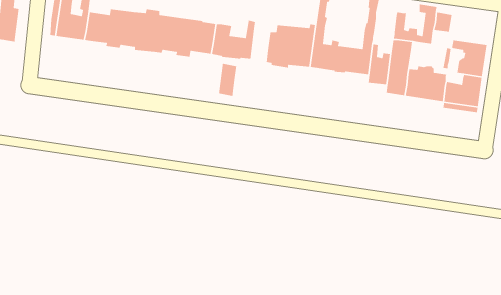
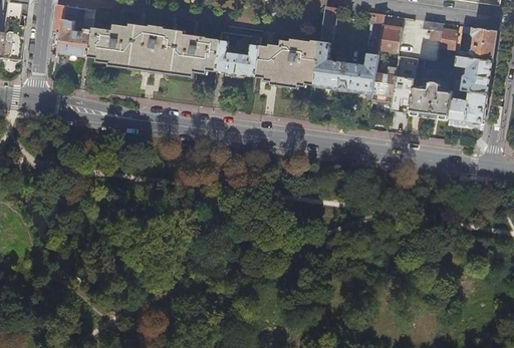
building: none -> [457,25,497,60]
building: none -> [378,28,400,50]
building: [218,63,237,97] -> [254,44,273,78]

